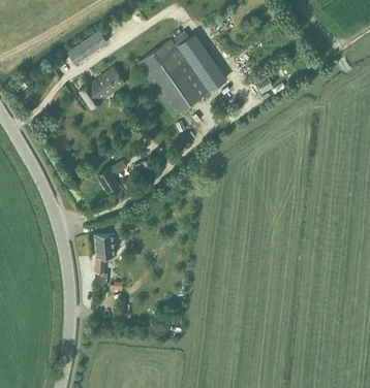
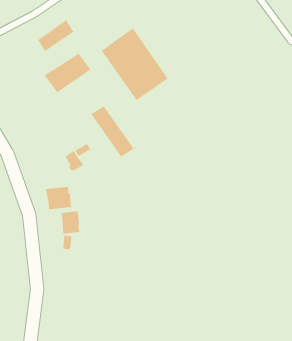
building: [179,35,225,90] -> [90,105,135,157]
building: none -> [46,186,71,210]

